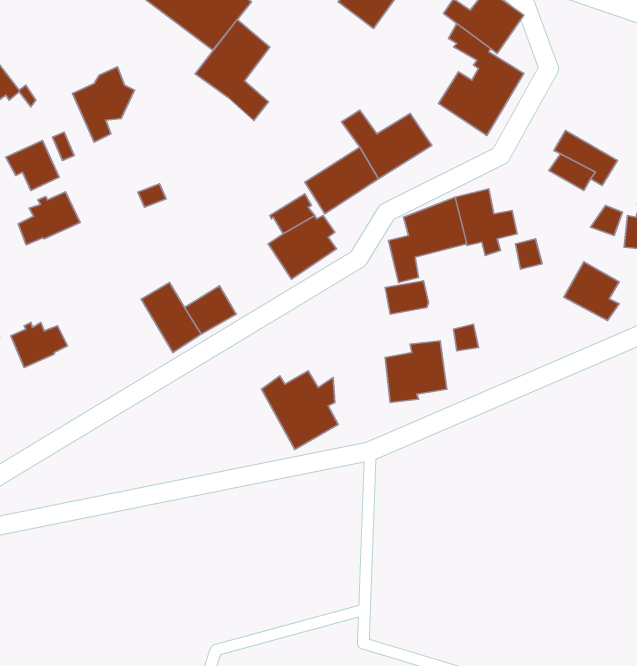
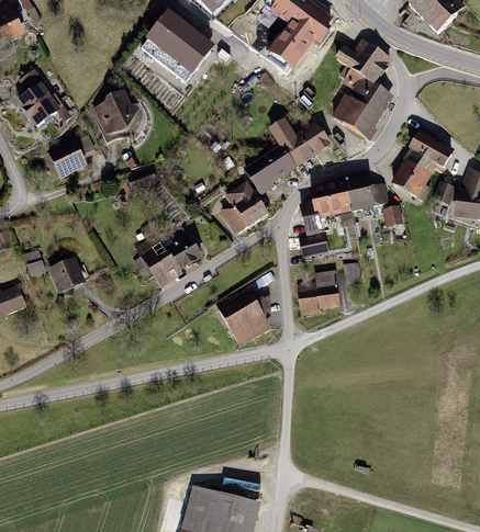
building: [195,20,270,121] -> none
building: [18,192,80,245] -> none
building: [564,262,619,320] -> [393,161,429,200]

